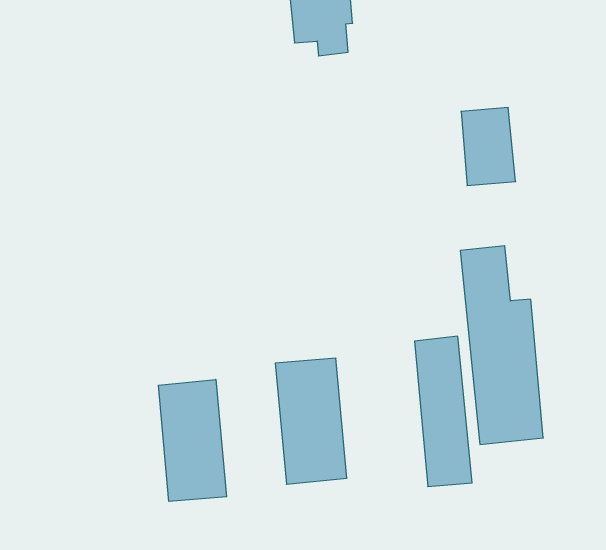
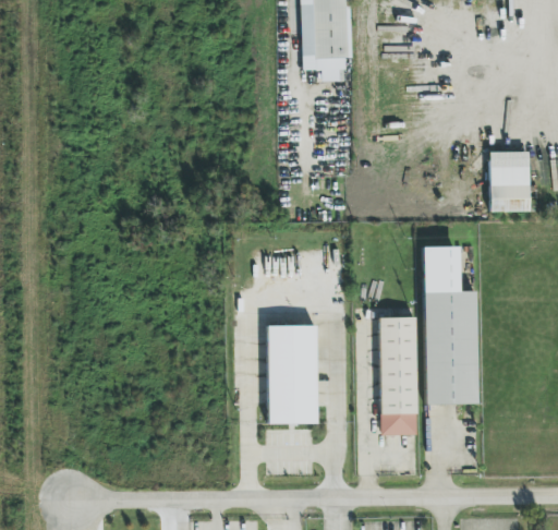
building: [461,108,516,186] -> [490,152,530,212]
building: [158,379,227,501] -> none

